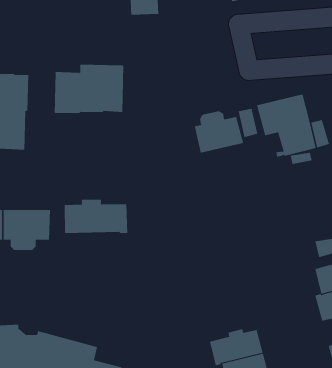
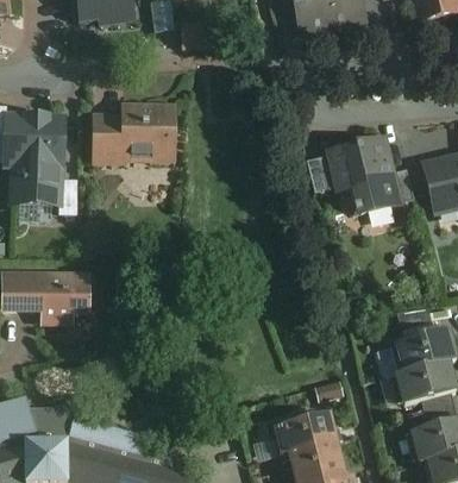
building: [194,110,244,154] -> none
building: [64,199,128,234] -> none

